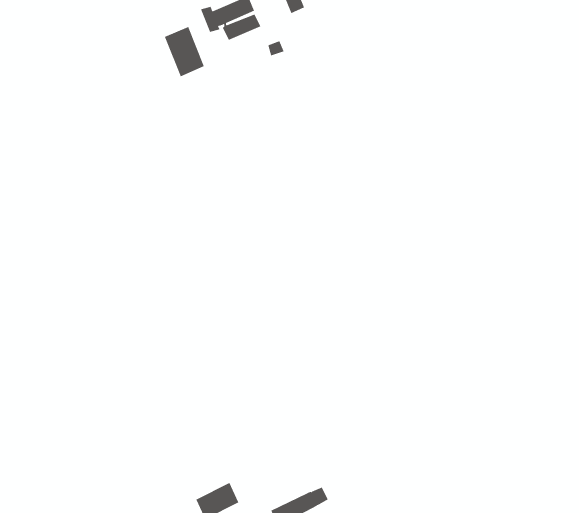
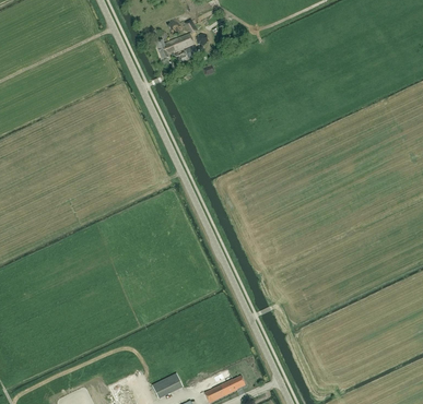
building: [164,26,205,77] -> none

